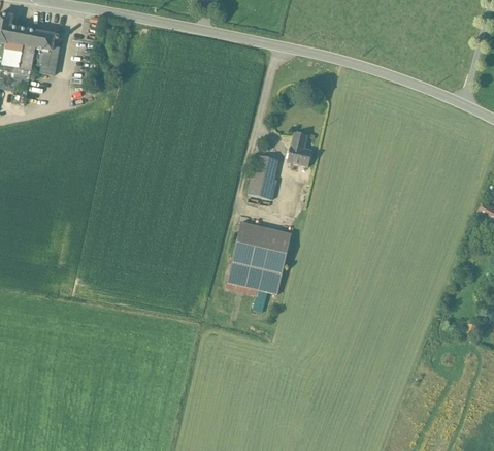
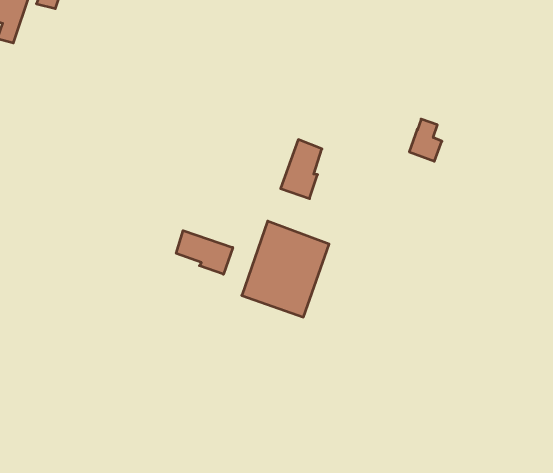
building: [287,134,311,166] -> [409,119,442,161]
building: none -> [176,231,233,274]

